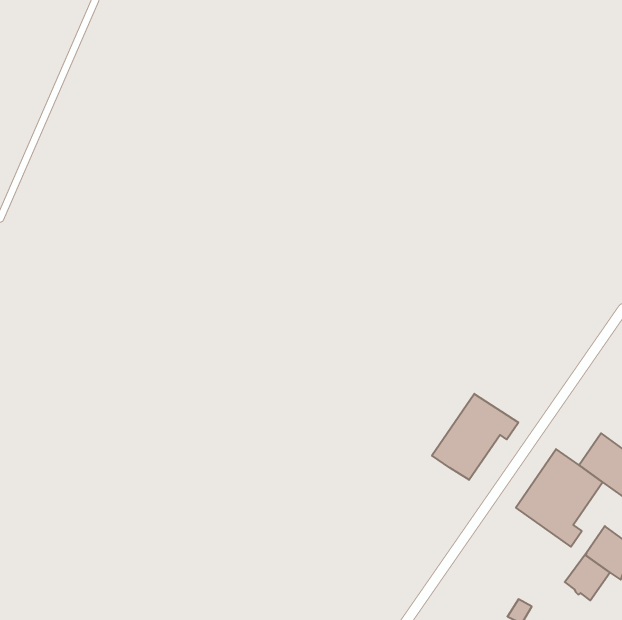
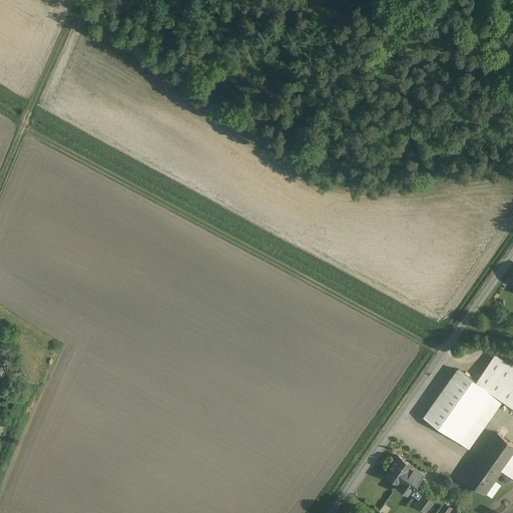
building: [432,394,518,480] -> none
building: none -> [385,458,423,495]

